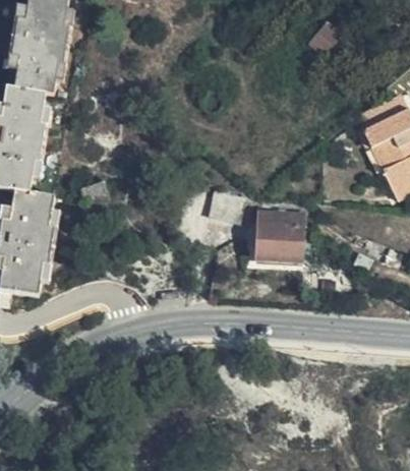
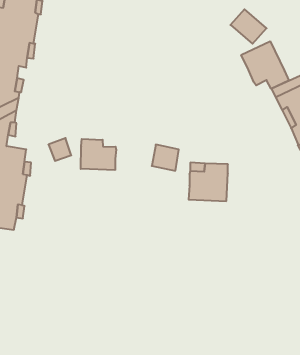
building: none -> [241,41,289,89]
building: none -> [81,139,116,170]

